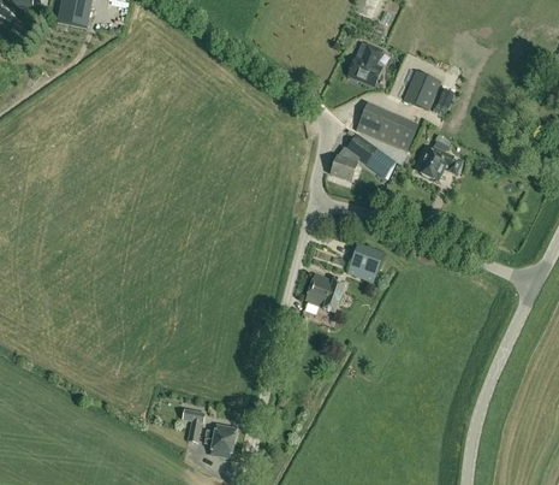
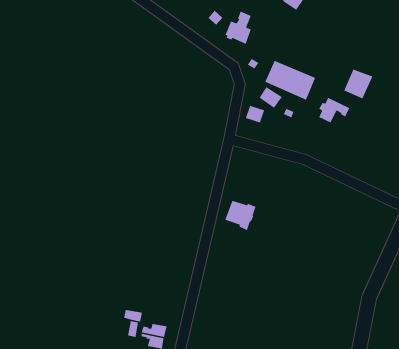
building: [349,43,382,85] -> [225,11,252,45]
building: [404,70,441,108] -> [343,68,374,100]
building: [346,242,383,282] -> none

